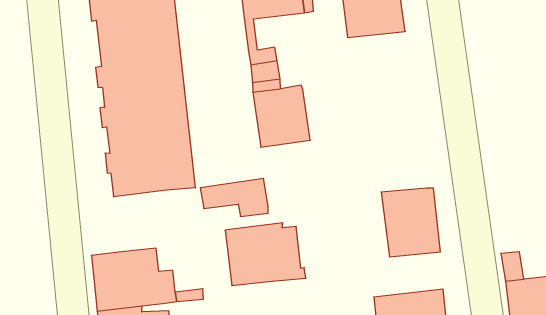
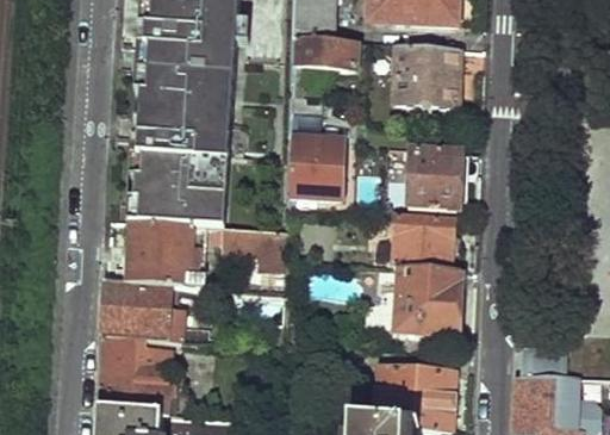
building: none -> [410,149,462,207]
building: none -> [400,217,454,269]
building: [225,223,306,286] -> [127,225,204,287]

